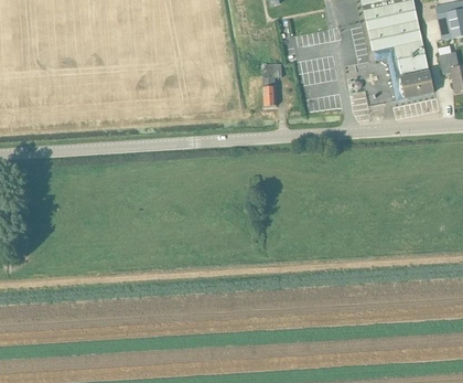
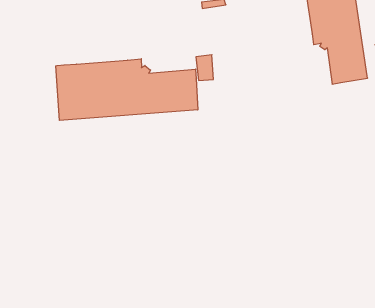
building: none -> [56,59,198,120]

